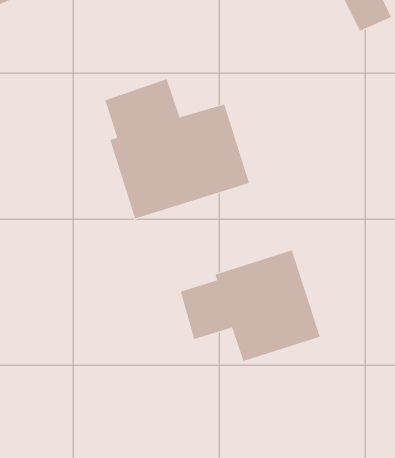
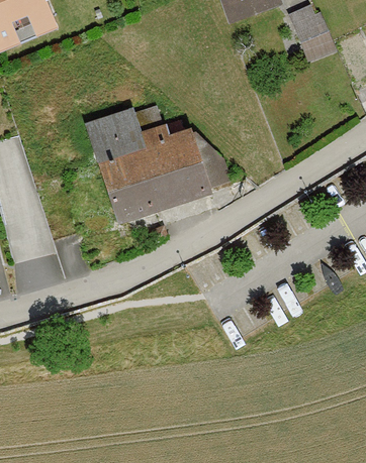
building: [180,250,321,362] -> none

